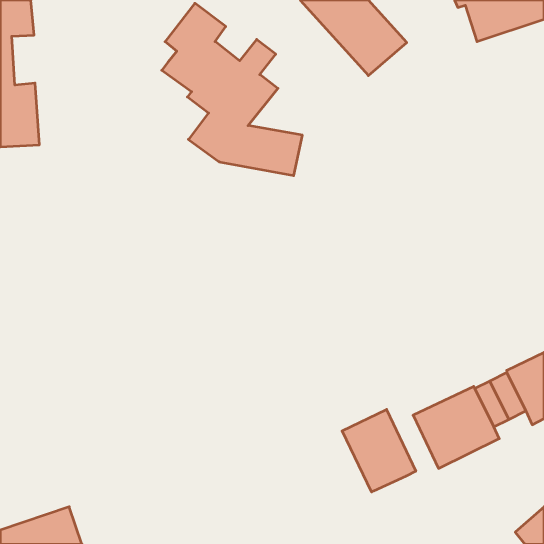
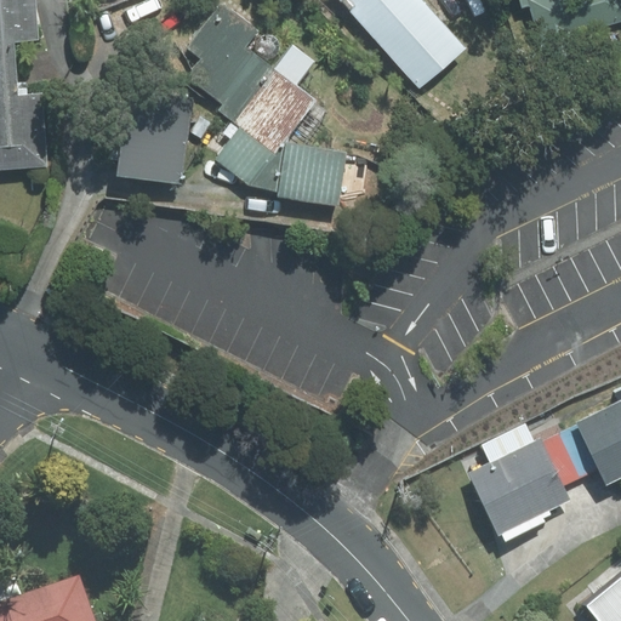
building: none -> [118,92,192,183]
building: [342,409,416,492] -> none

